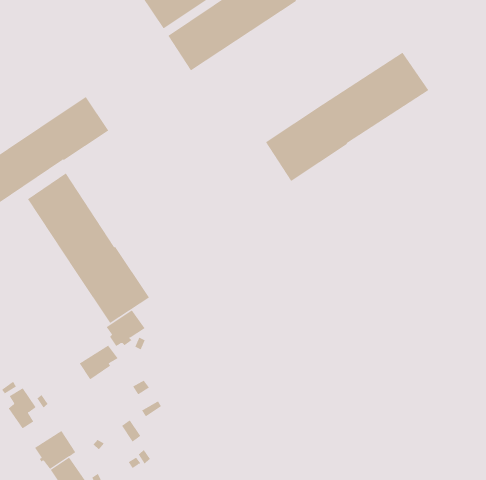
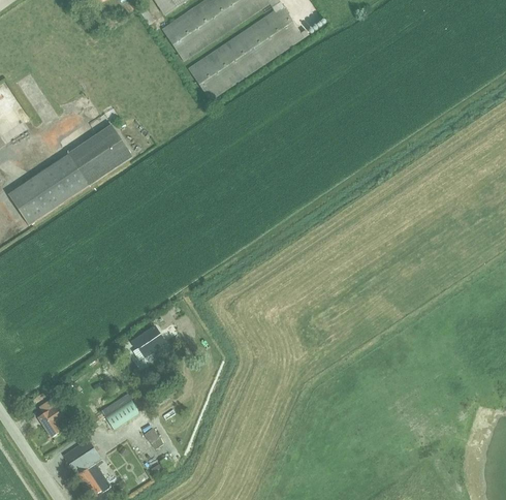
building: [265,52,429,182] -> none
building: [27,172,150,324] -> none
building: [79,345,118,380] -> [102,400,139,433]

